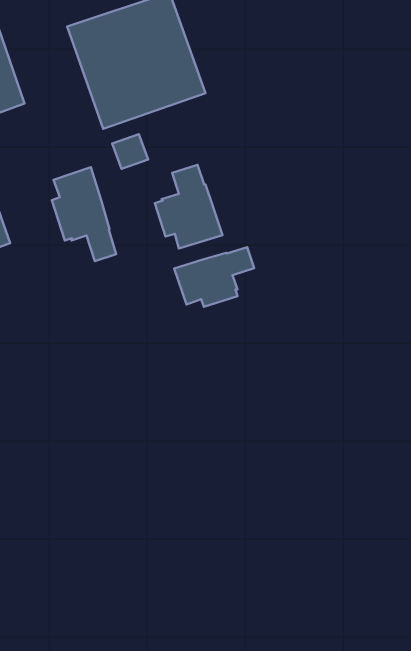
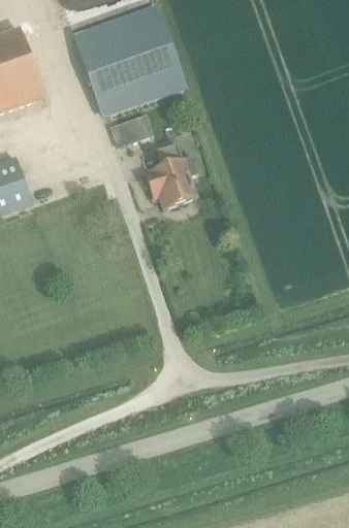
building: [52,167,116,261] -> none
building: [174,247,254,307] -> none

